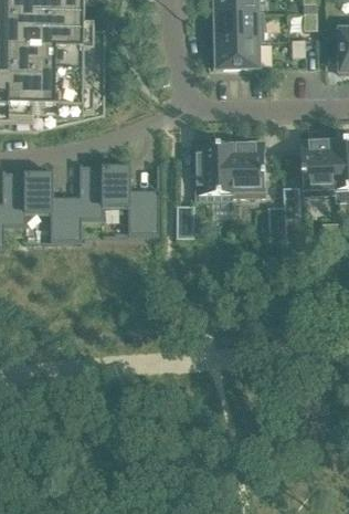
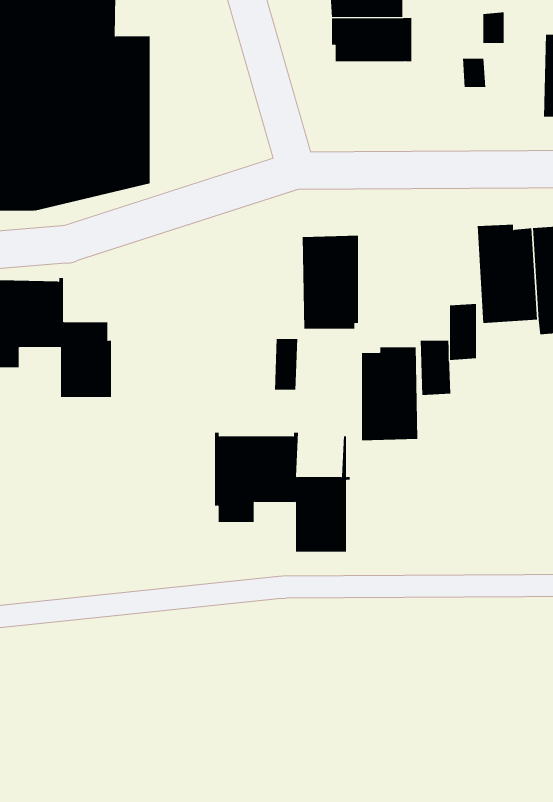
building: [212,40,256,66] -> none
building: [229,140,263,197] -> [361,347,418,441]
building: [78,162,160,234] -> [214,432,350,552]

